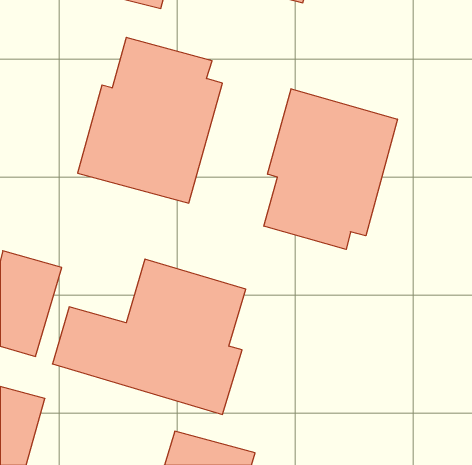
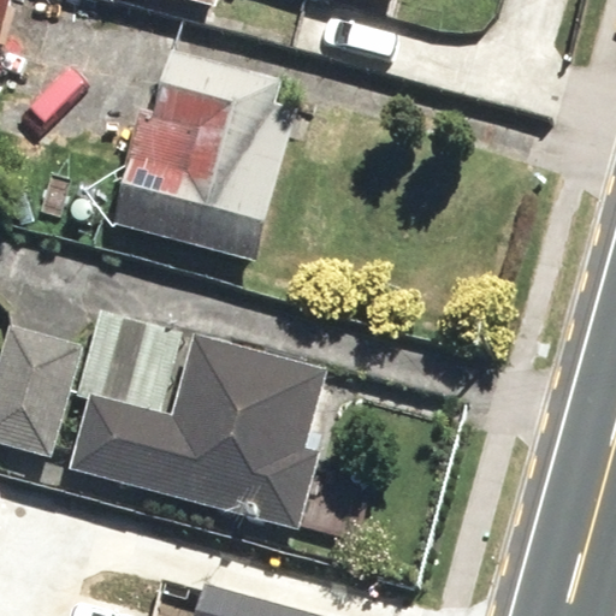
building: [264,89,397,249] -> none

